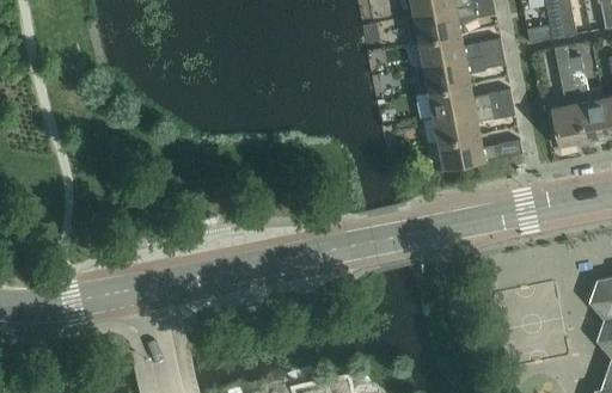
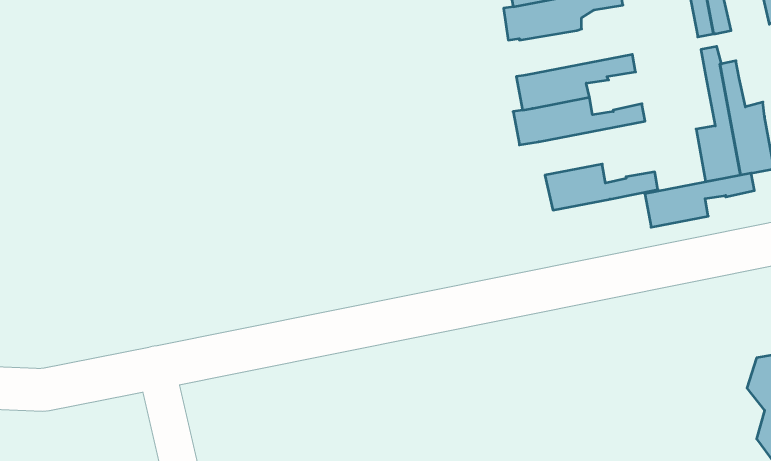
building: [420,35,504,68] -> none
building: [434,103,516,143] -> [645,173,754,227]

